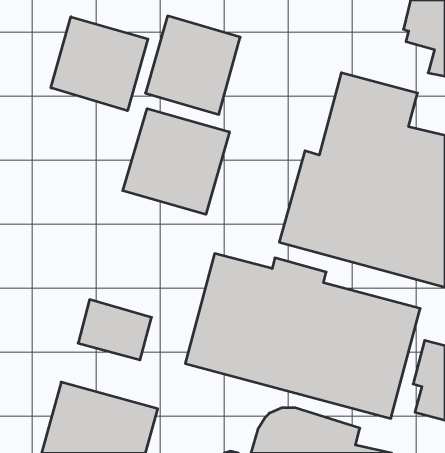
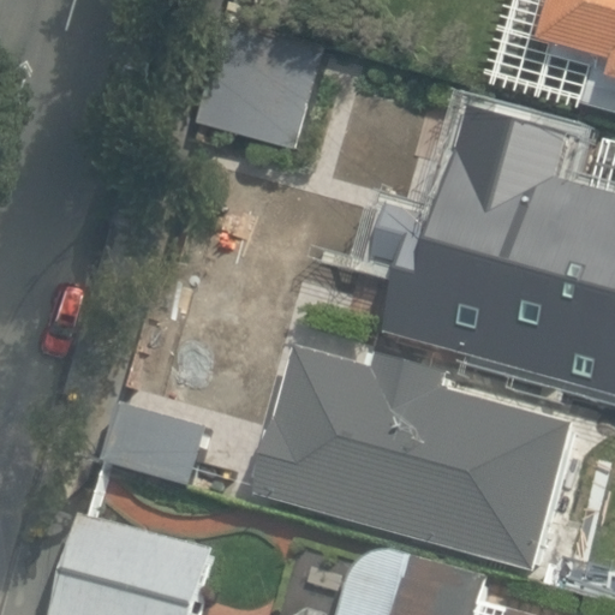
building: [51,17,148,111] -> none
building: [123,109,229,214] -> none

